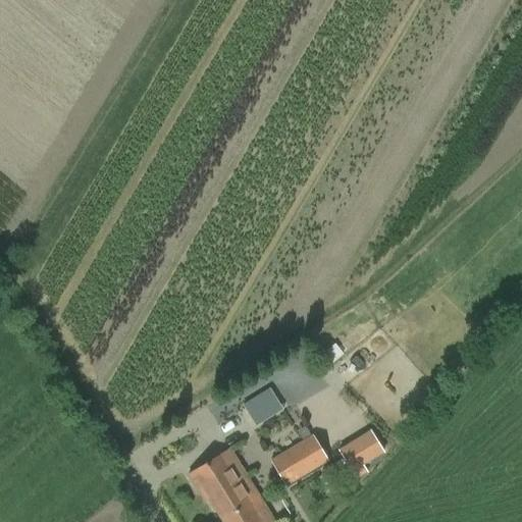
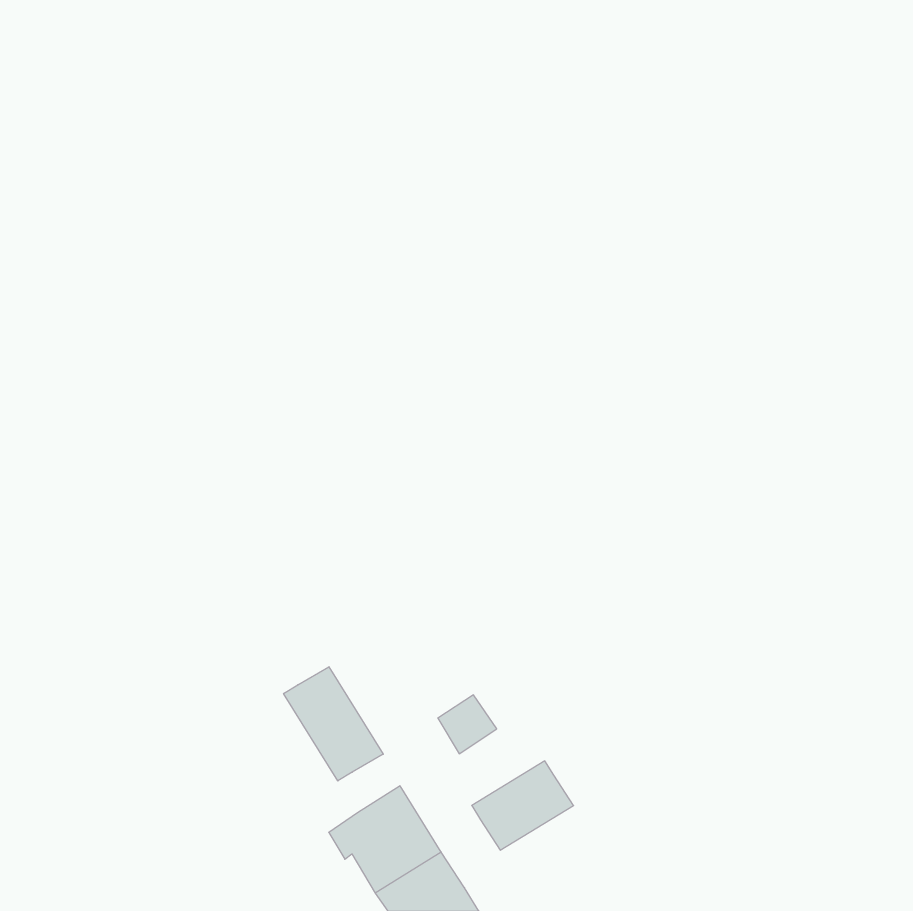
building: none -> [284,667,383,781]
building: [338,429,383,478] -> none

